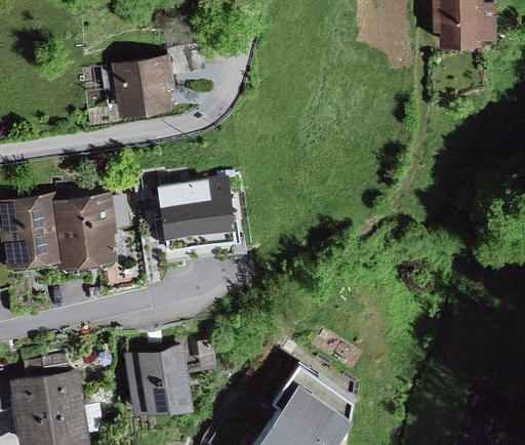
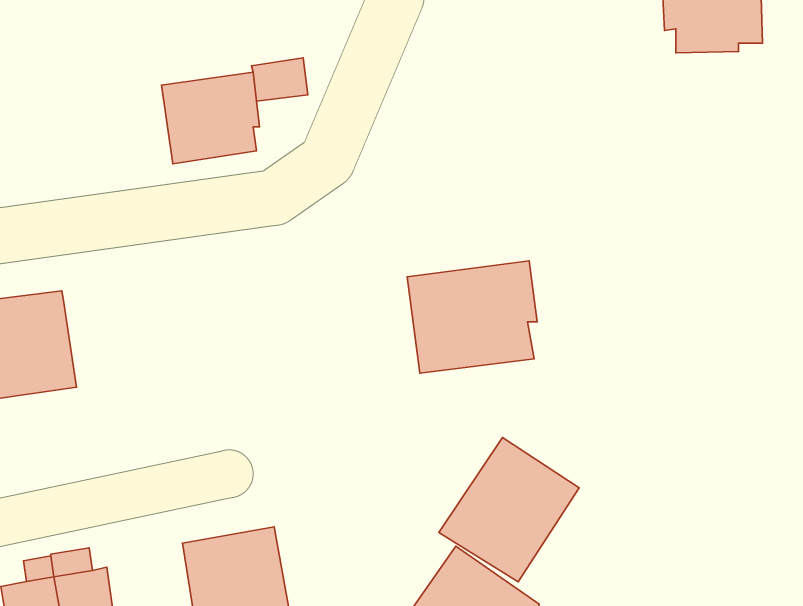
building: [156,180,239,252] -> [407,261,537,373]
building: [49,196,117,268] -> none
building: none -> [439,437,579,582]

